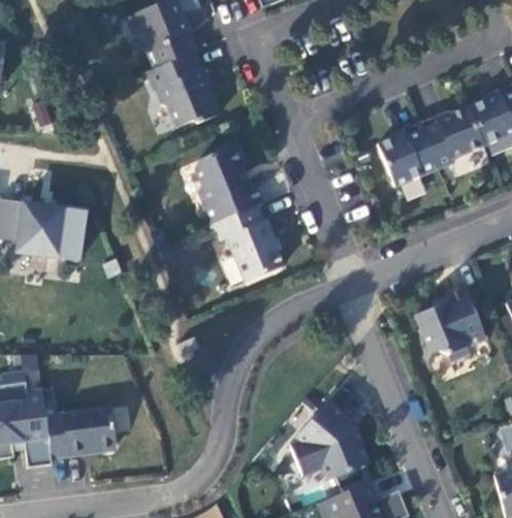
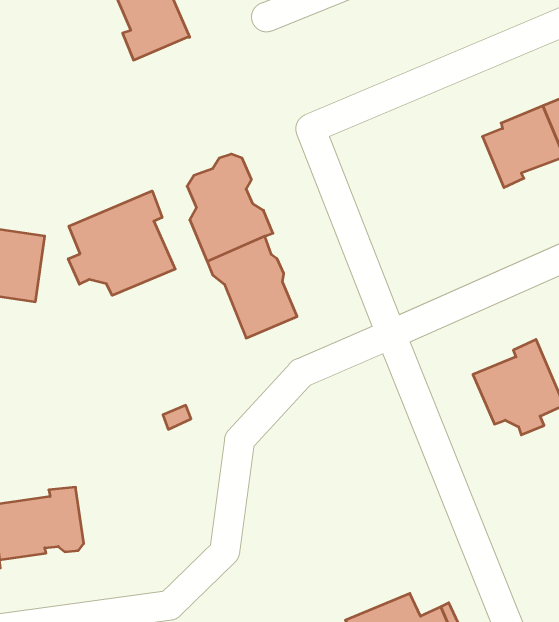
building: [147,55,220,130] -> none
building: [378,131,439,188] -> none
building: none -> [68,191,175,295]
building: [289,399,367,479] -> none

